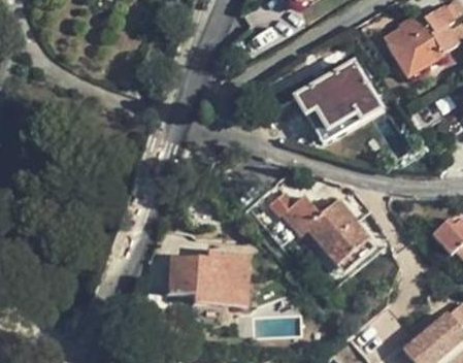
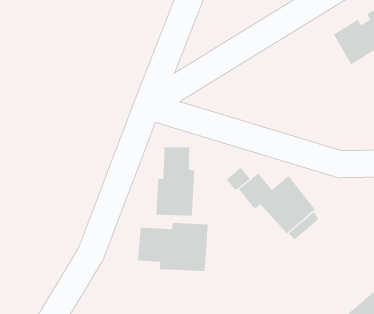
building: [295,63,379,131] -> none
building: none -> [156,147,195,217]

